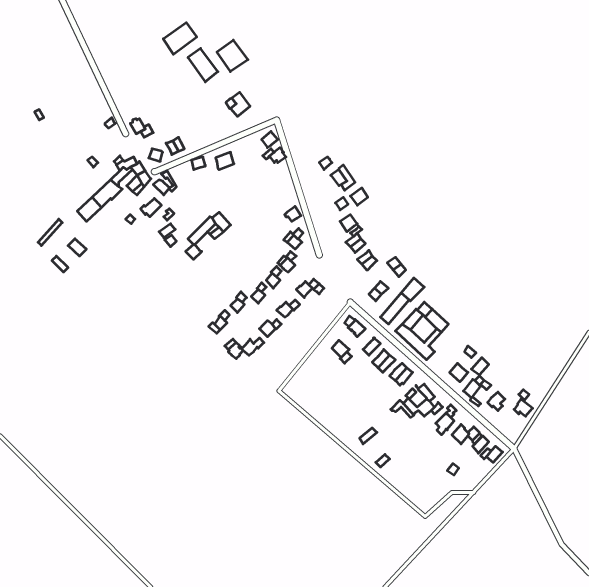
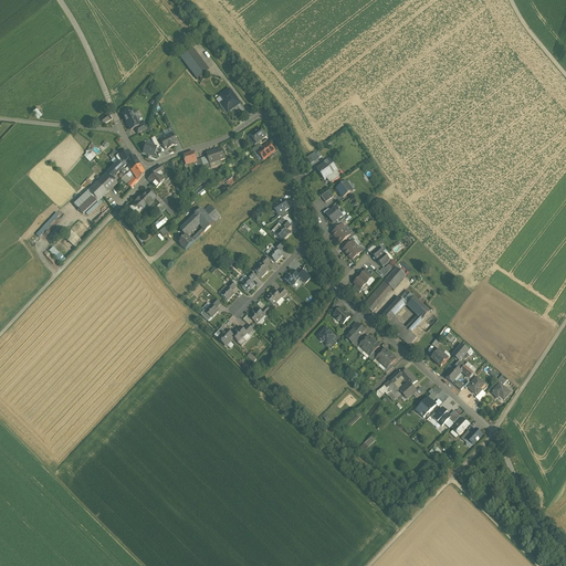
building: [163,23,197,54] -> none
building: [217,40,248,72] -> none

